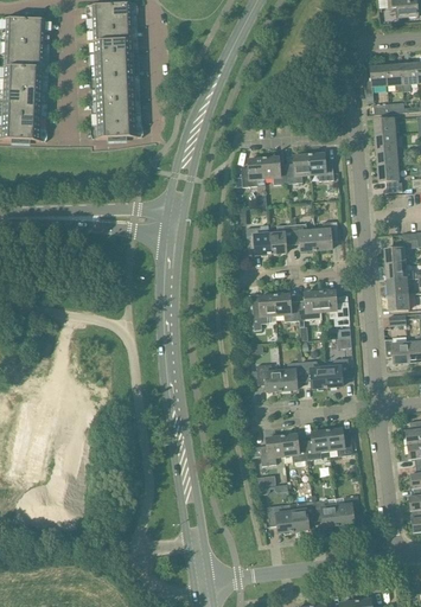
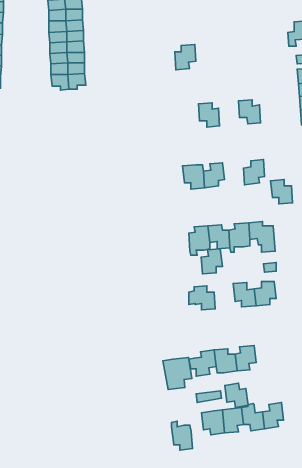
building: [287,154,311,183] -> none
building: [242,158,266,186] -> [175,44,196,70]
building: [292,223,317,250] -> [270,180,292,204]
building: [282,360,306,389] -> [201,249,222,274]
building: [327,428,353,455] -> [225,383,248,407]
building: none -> [163,357,192,390]
building: none -> [171,421,193,450]

